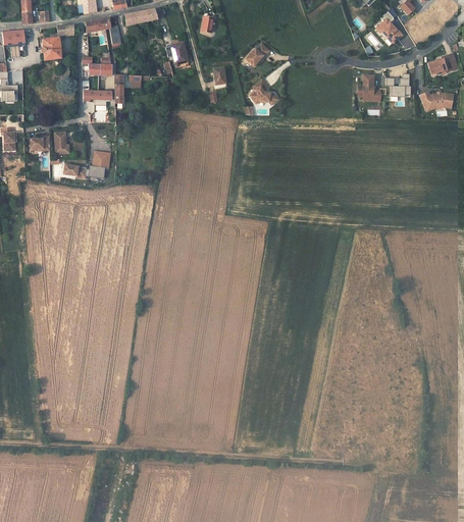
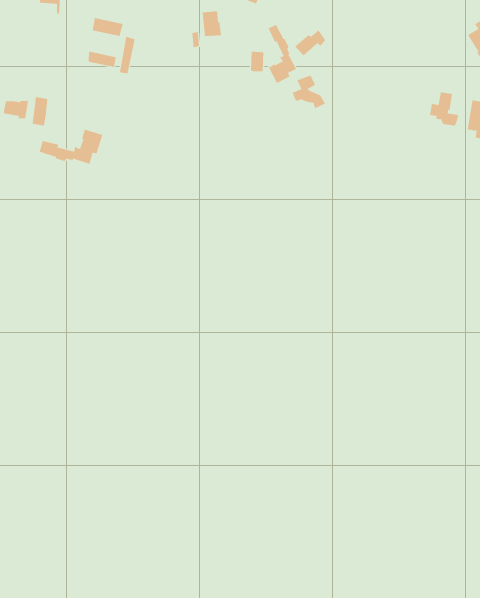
building: none -> [268,24,297,84]

